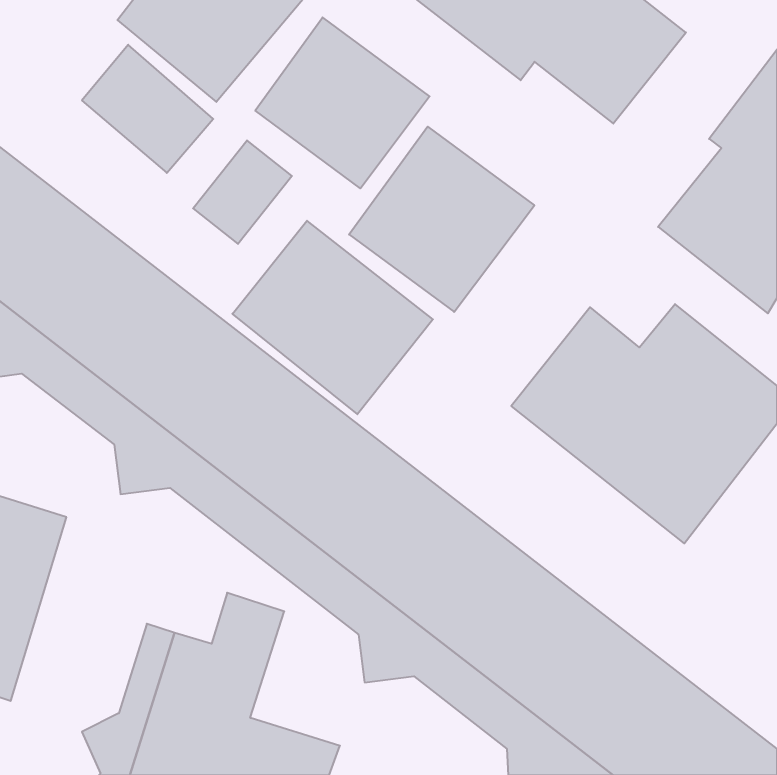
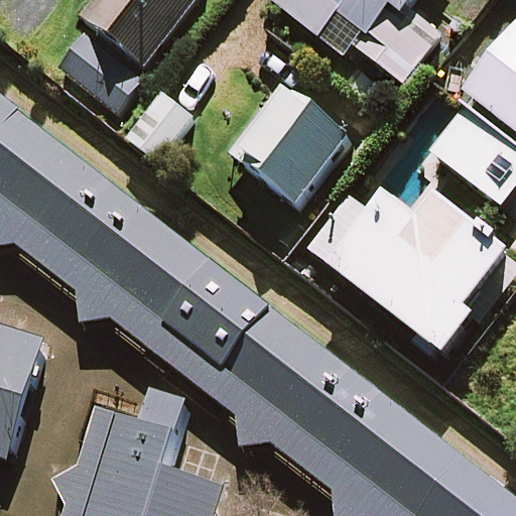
building: [255,17,430,188] -> none
building: [232,221,433,414] -> none

